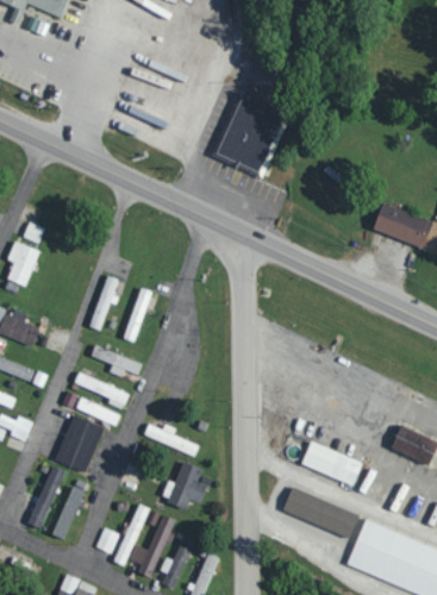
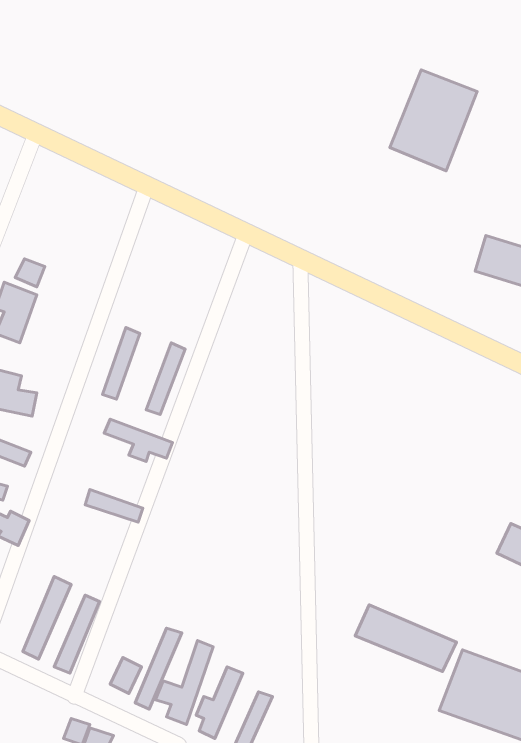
building: [218,95,285,173] -> [390,70,477,171]
building: [74,371,130,409] -> none
building: [55,415,104,472] -> none
building: [144,424,199,455] -> none
building: [301,441,363,486] -> none
building: [169,462,207,509] -> none

